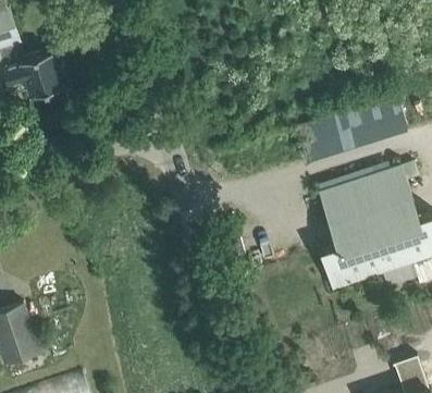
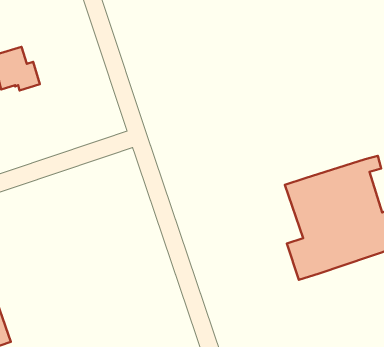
building: [297,98,406,160] -> none

